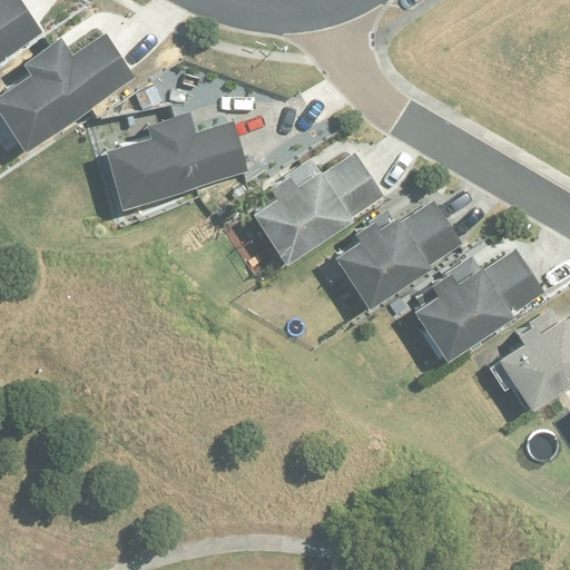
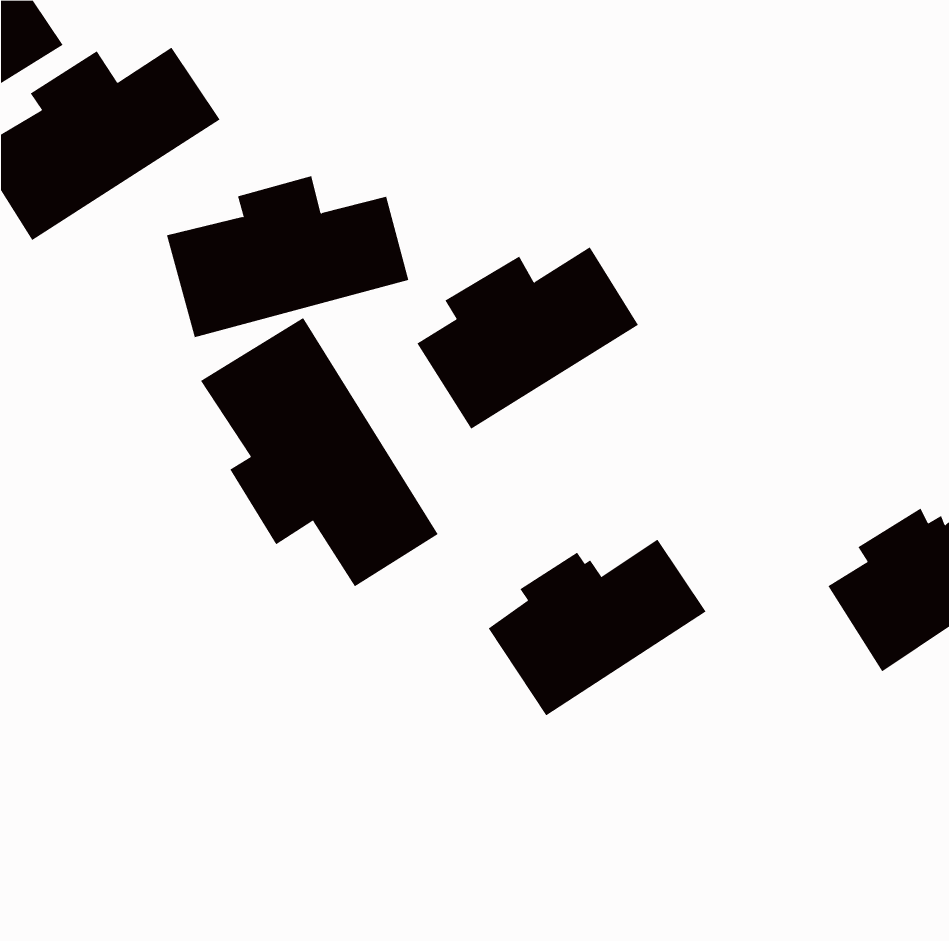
building: none -> [200,317,439,587]
building: [333,203,463,308] -> [488,539,706,716]
building: [411,252,544,362] -> none

